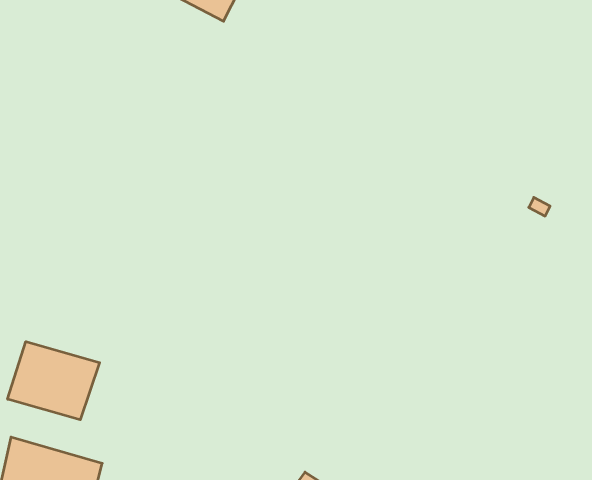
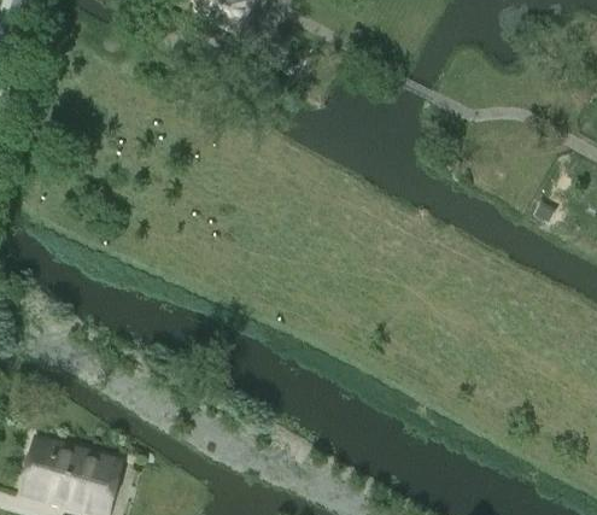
building: [8,342,100,420] -> none

